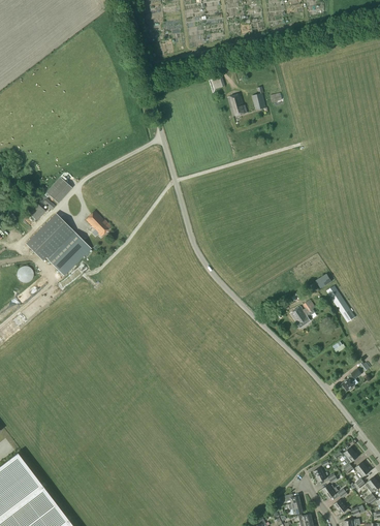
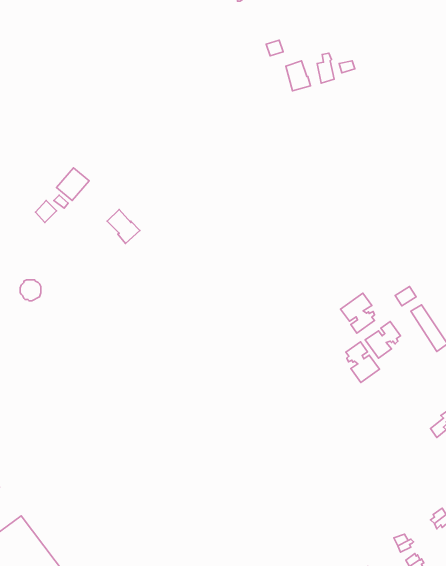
building: [27,215,87,275] -> none
building: none -> [341,293,375,333]
building: none -> [346,342,379,382]

